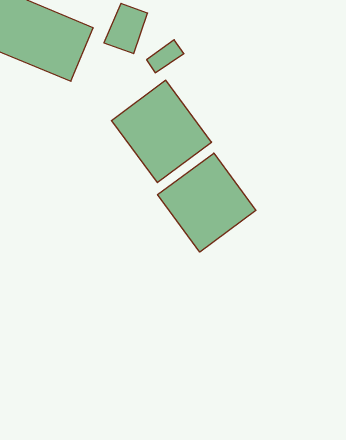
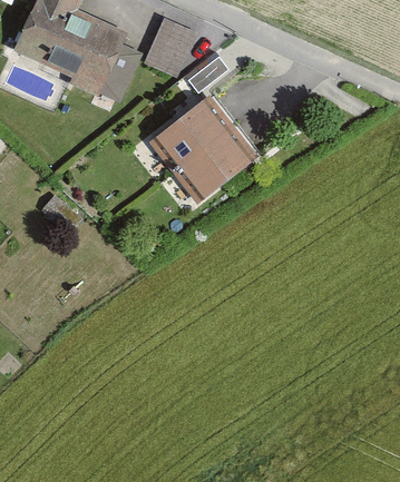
building: [158,153,256,252] -> none

